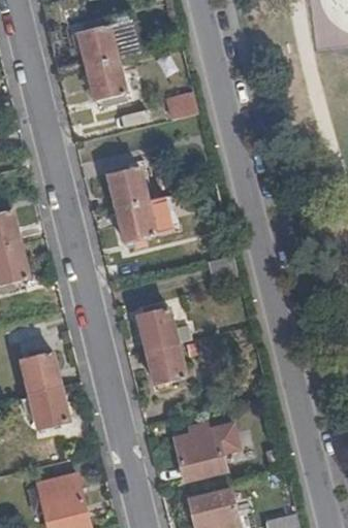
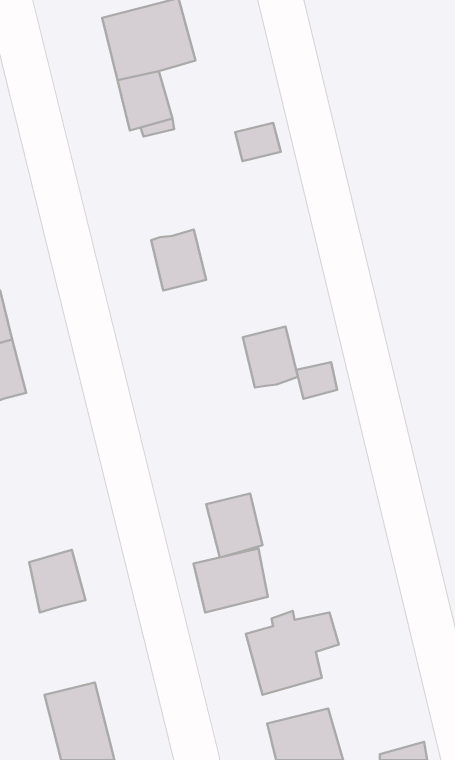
building: [119,201,156,242] -> [243,326,298,387]
building: [139,312,178,353] -> none
building: [20,350,57,392] -> none
building: none -> [193,549,268,612]

